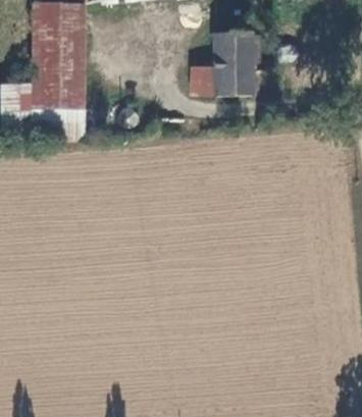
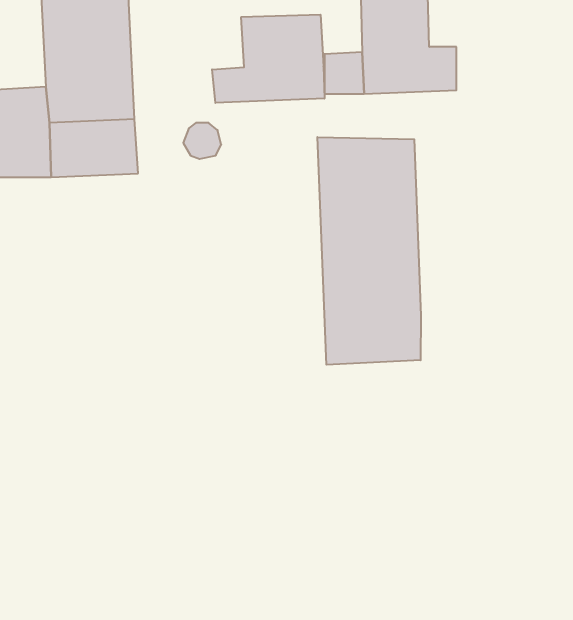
building: none -> [212,15,324,103]
building: none -> [317,137,421,365]

